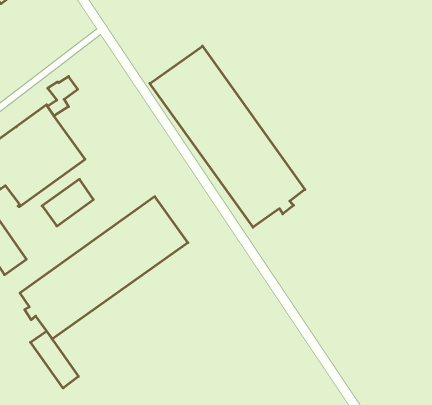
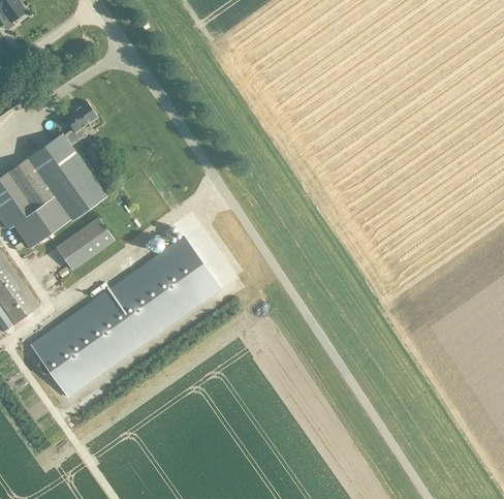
building: [150,46,305,227] -> none
building: [30,331,78,388] -> none

